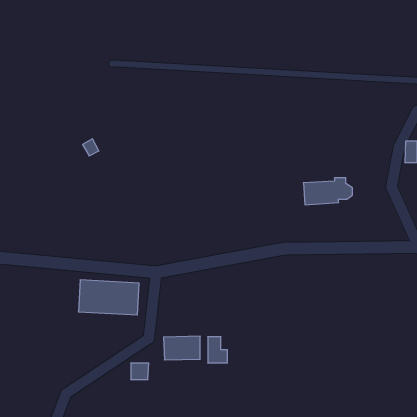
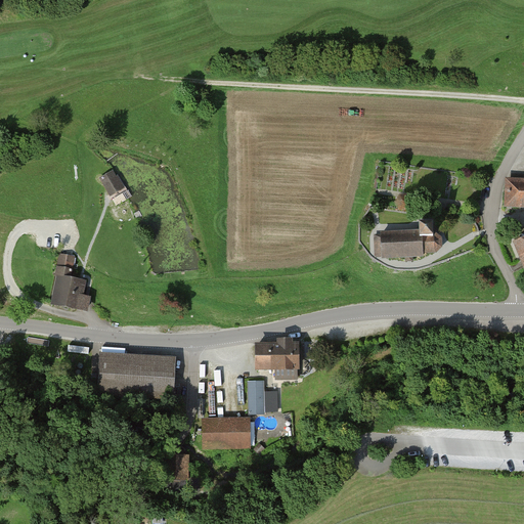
building: none -> [51,251,89,308]
building: none -> [256,338,298,366]
building: [208,337,227,363] -> [249,381,273,413]

